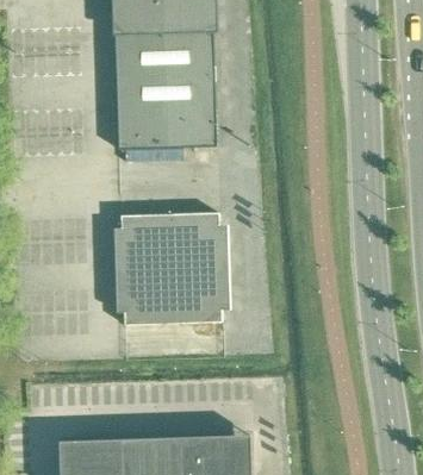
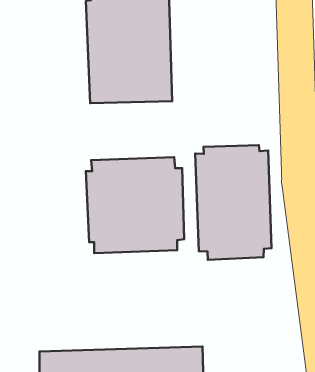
building: none -> [195,145,272,260]

